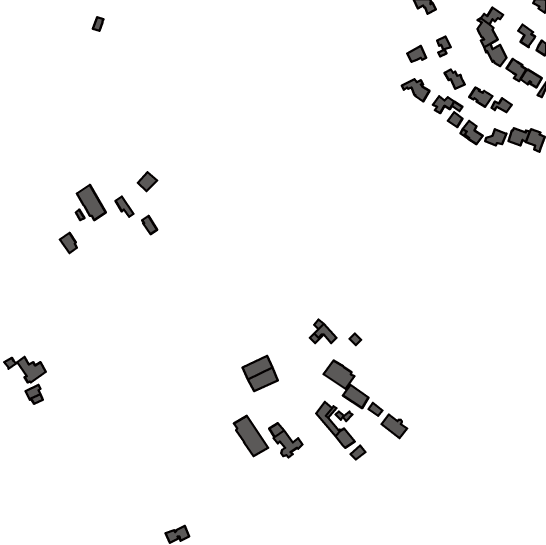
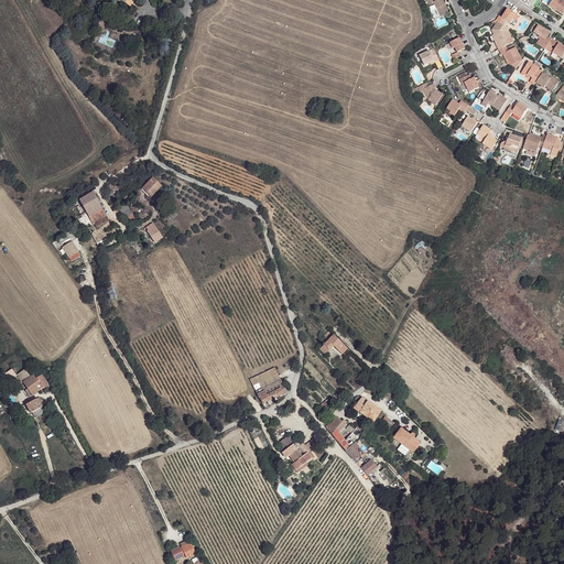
building: [324,360,354,389] -> none
building: [234,416,268,456] -> none

